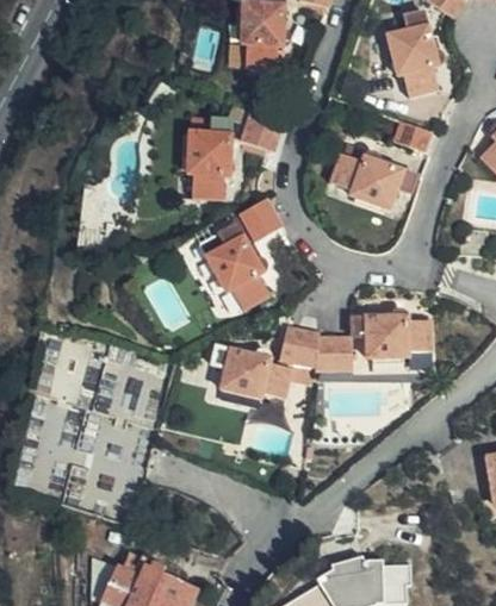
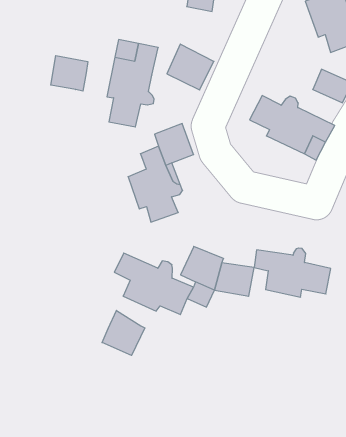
building: none -> [51,56,88,91]
building: none -> [102,310,145,355]

